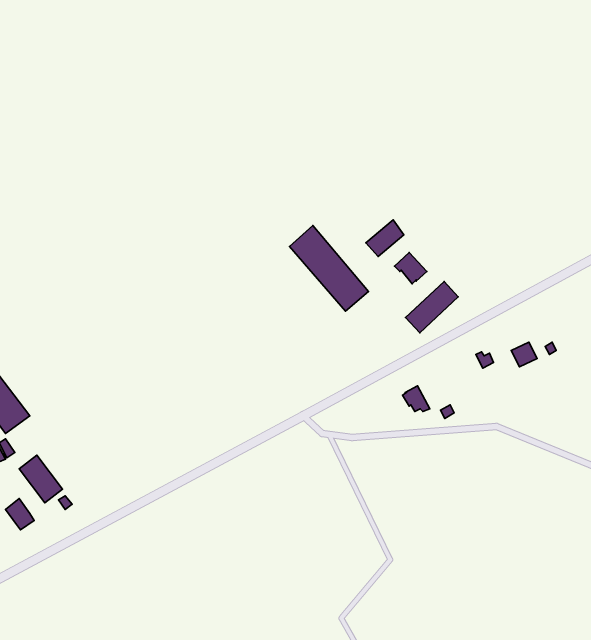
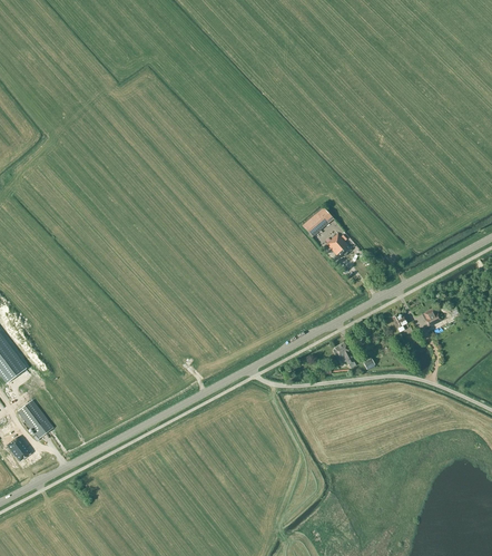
building: [290,225,368,311] -> none
building: [406,282,458,333] -> none

